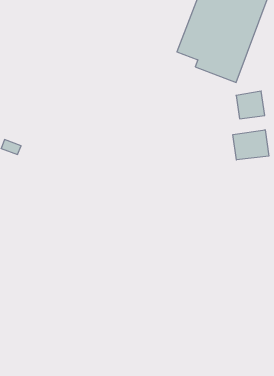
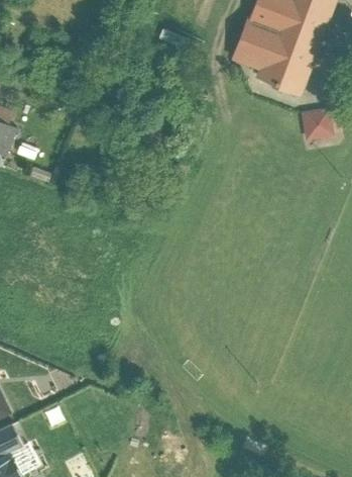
building: [233,130,269,160] -> none

